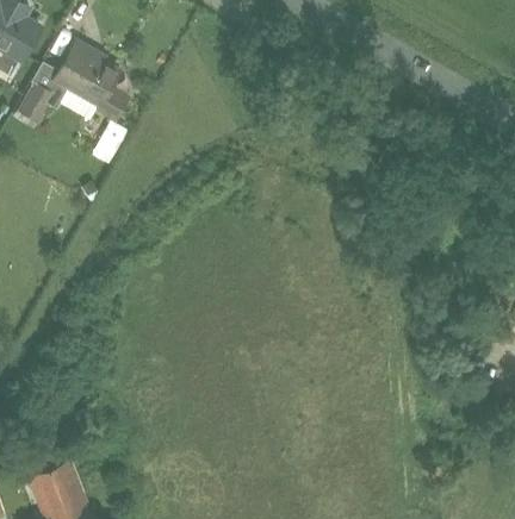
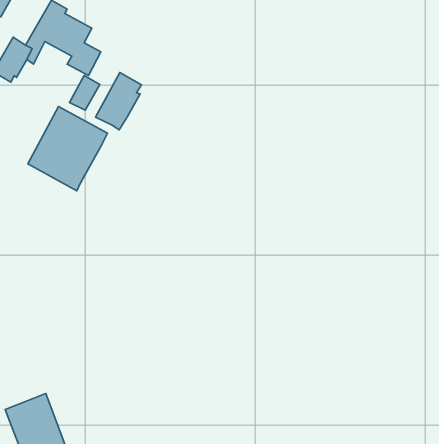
building: none -> [95,73,141,130]
building: none -> [28,106,108,191]

